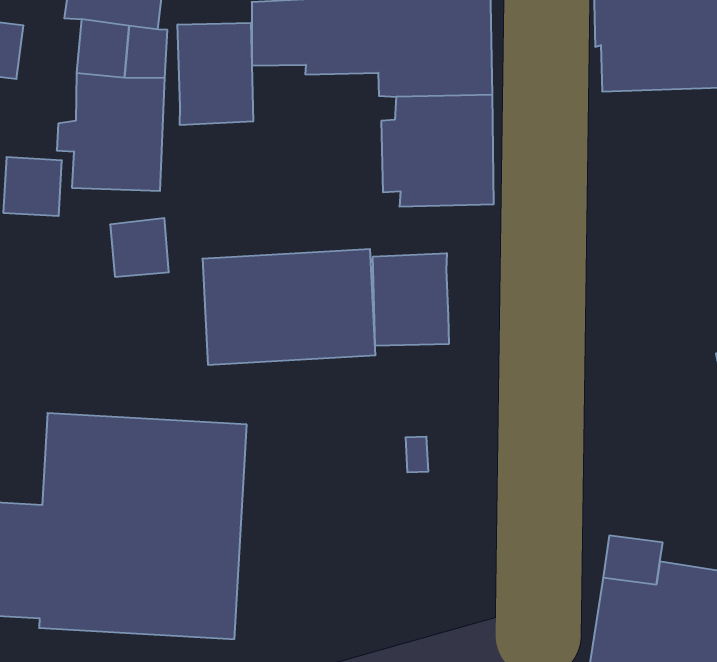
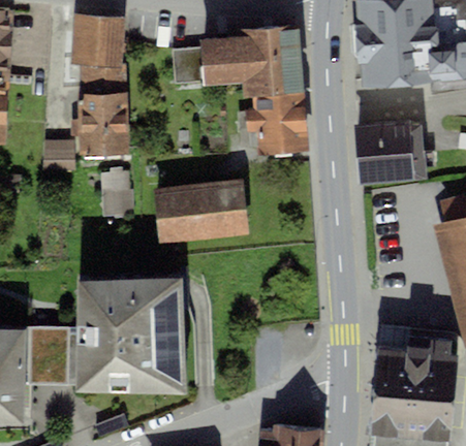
building: [178,23,253,125] -> none
building: none -> [352,120,425,184]
building: [373,253,449,346] -> none

